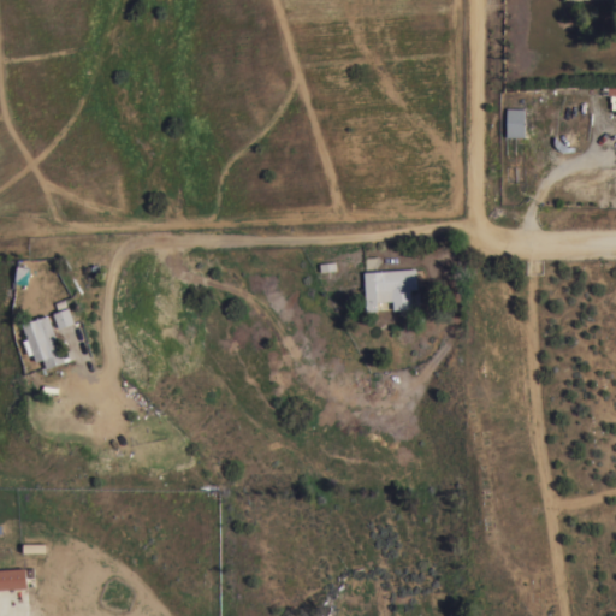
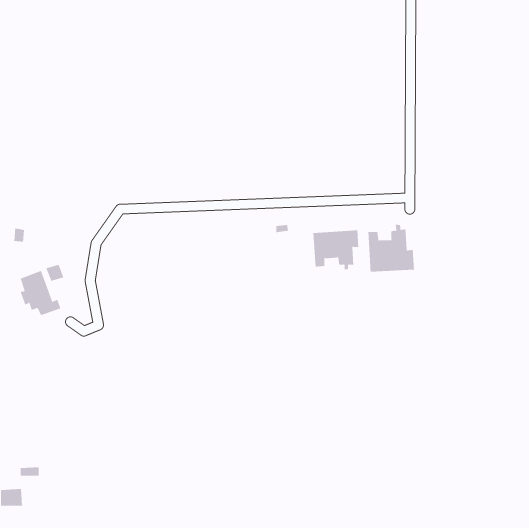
building: [507,108,525,137] -> none
building: none -> [368,224,415,273]

